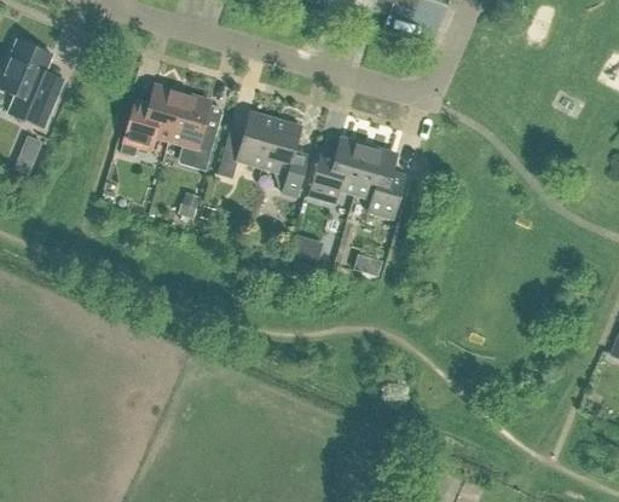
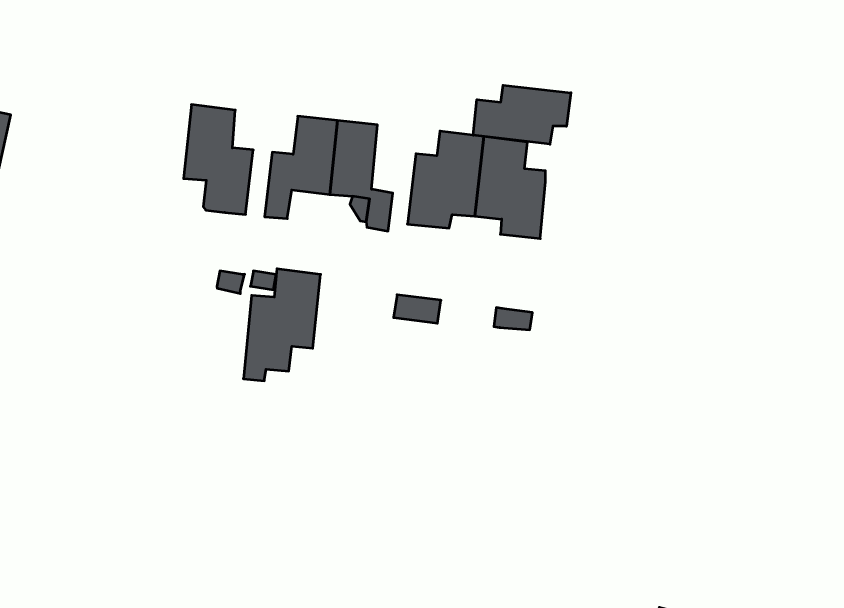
building: [121,82,183,154] -> [243,269,321,381]
building: none -> [473,85,571,144]

